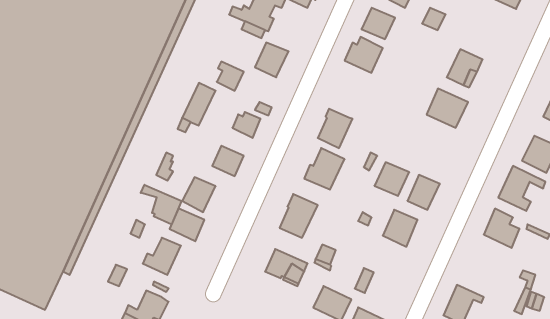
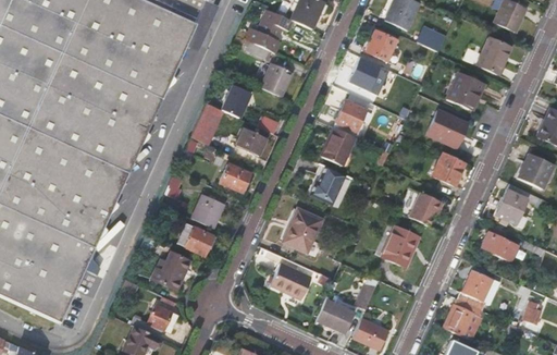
building: none -> [475,36,509,73]
building: none -> [327,100,363,136]
building: [374,162,409,196] -> [431,152,465,185]
building: [141,185,182,224] -> none
building: none -> [456,270,492,310]

